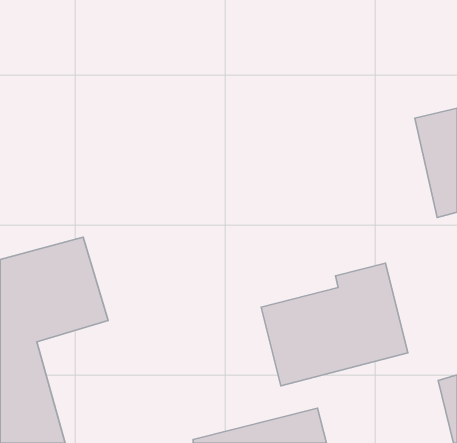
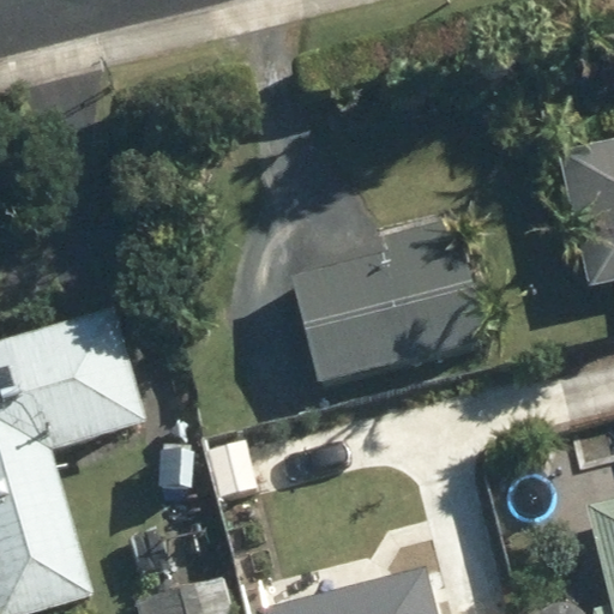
building: [261,263,408,386] -> [289,223,486,387]

